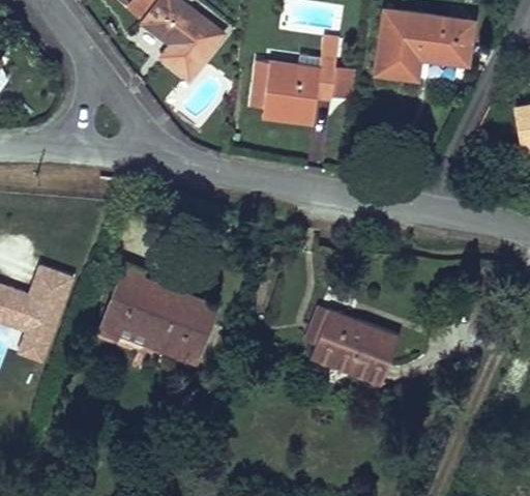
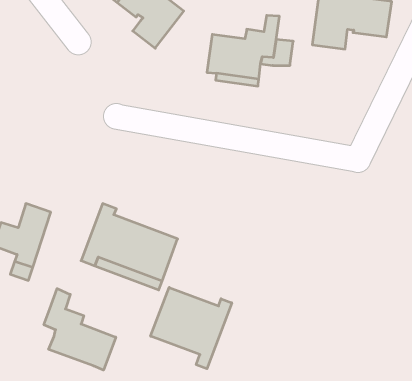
building: [310,310,400,386] -> none
building: none -> [151,287,232,369]
building: none -> [44,289,116,370]

